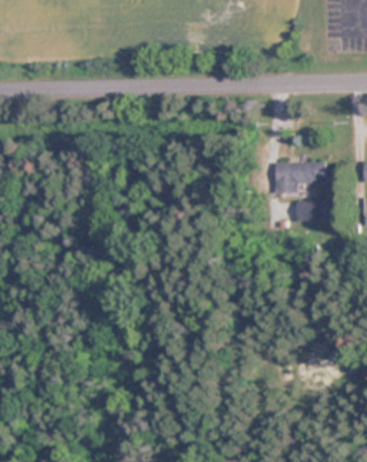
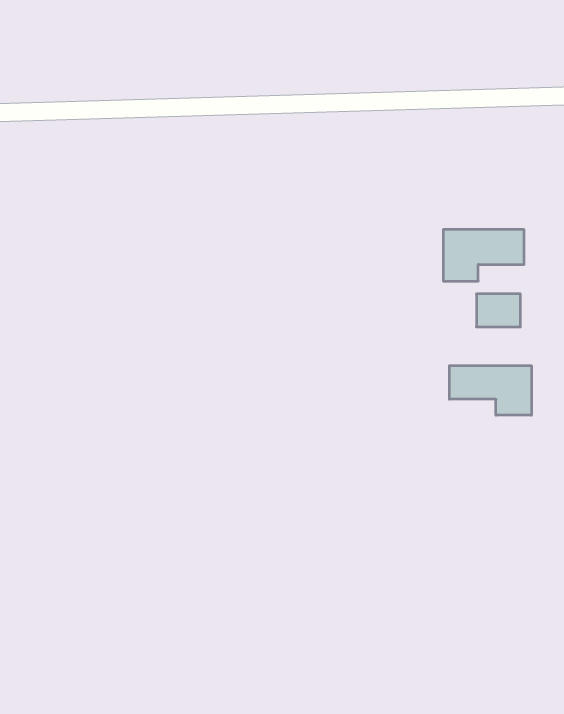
building: none -> [449,366,531,415]

